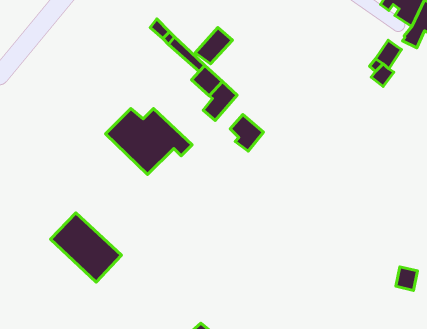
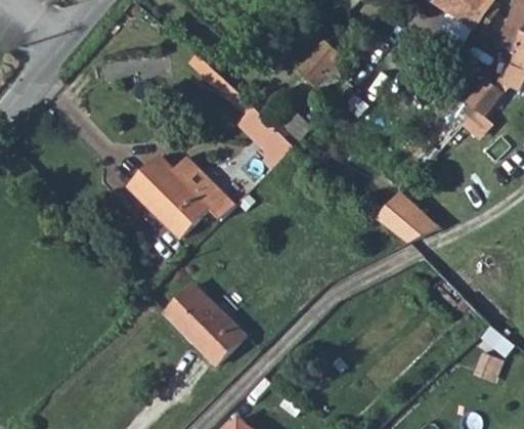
building: [195,28,232,64] -> [293,46,338,90]
building: [230,114,264,151] -> none
building: none -> [381,189,444,242]
building: [51,213,121,282] -> [163,280,249,363]

